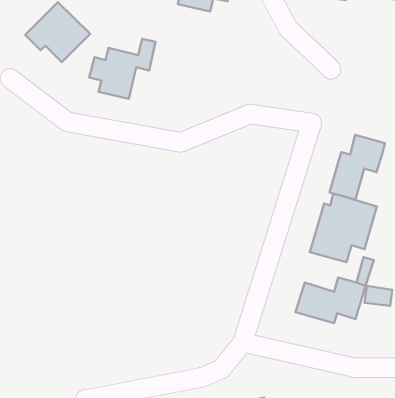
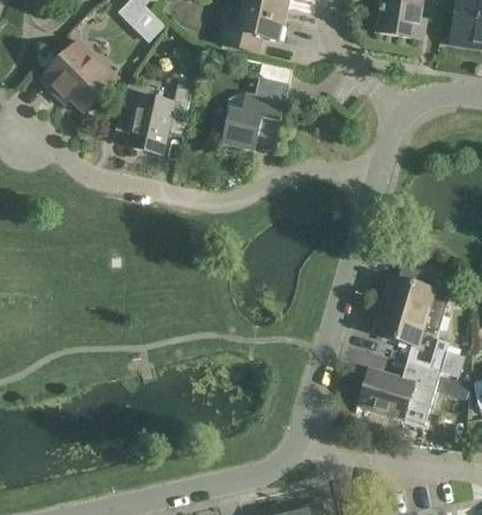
building: none -> [221,57,292,150]
building: [329,135,385,200] -> none

